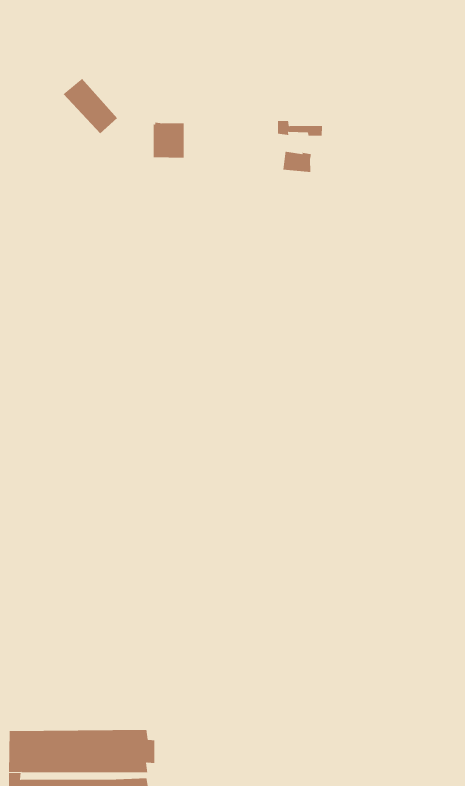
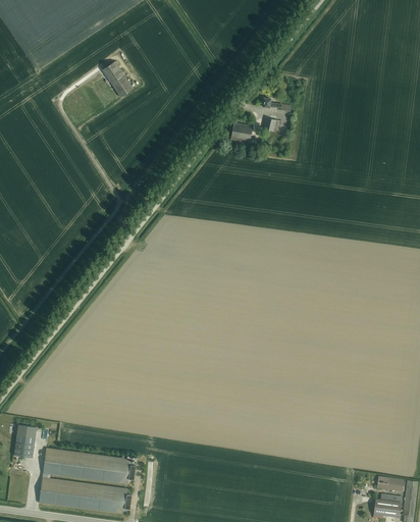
building: [63,78,118,134] -> [101,61,133,97]
building: [153,122,184,158] -> [229,122,252,147]

